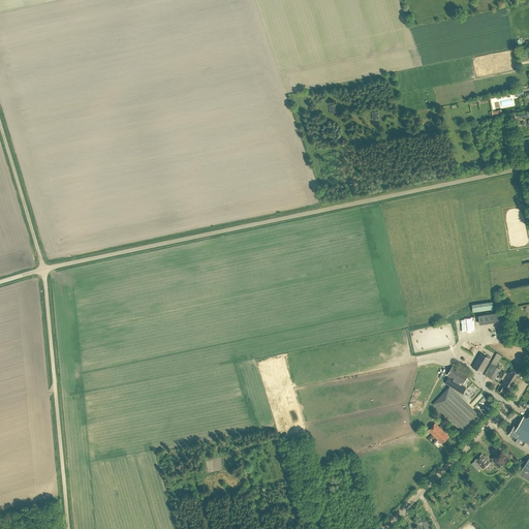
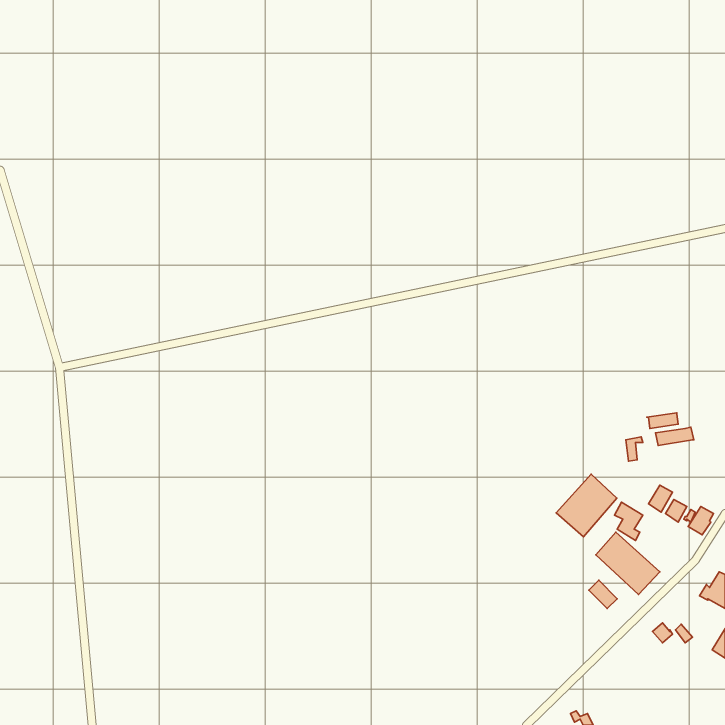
building: none -> [556,474,617,537]

